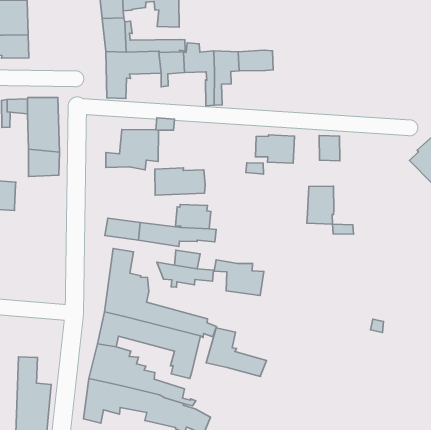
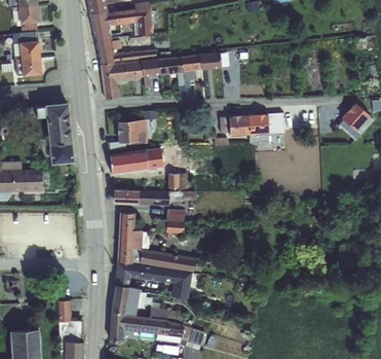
building: none -> [110,150,148,175]
building: [307,186,334,224] -> [249,113,269,143]
building: [214,260,264,295] -> none
building: [206,328,267,377] -> none

